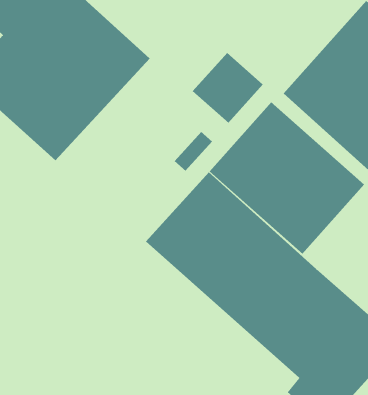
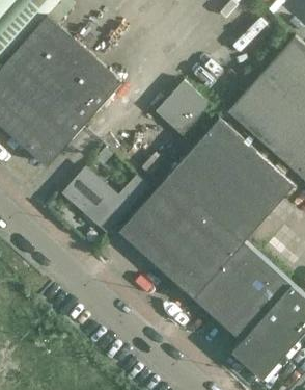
building: none -> [64,168,148,224]

